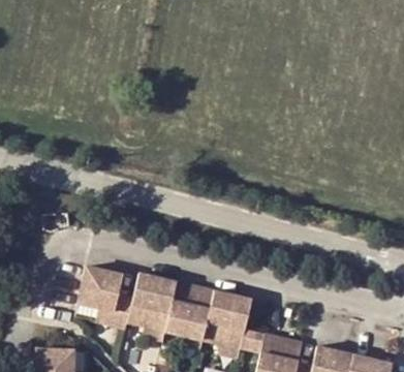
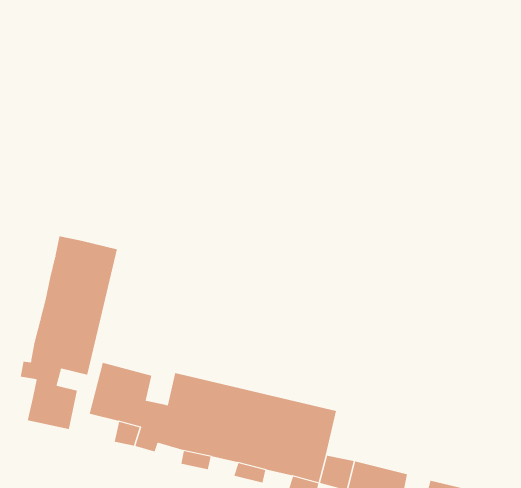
building: none -> [20,235,117,430]

